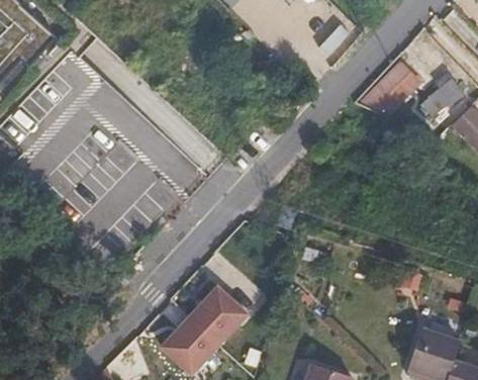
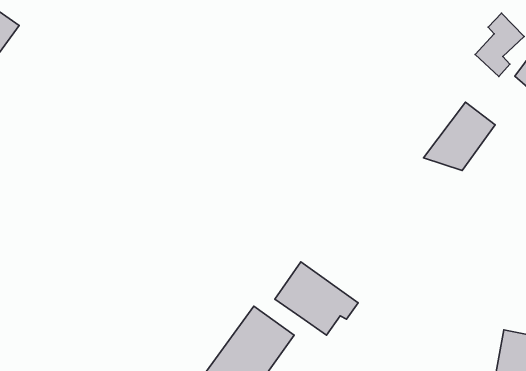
building: [358,61,419,116] -> [423,102,495,171]
building: none -> [275,262,358,335]

